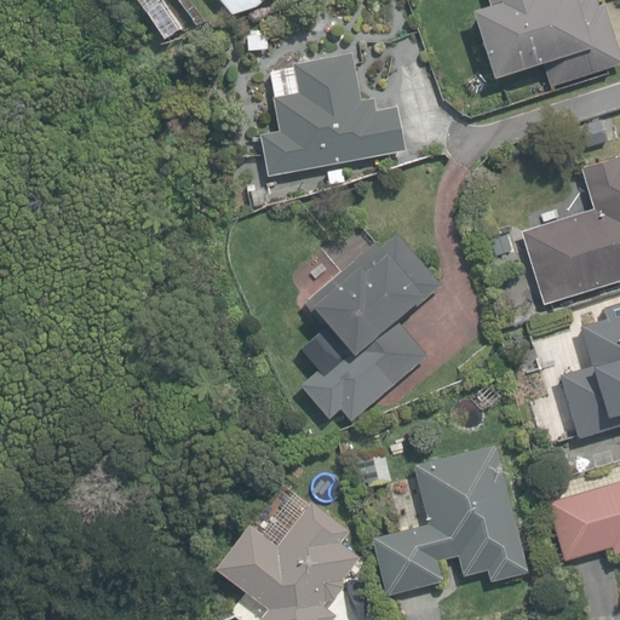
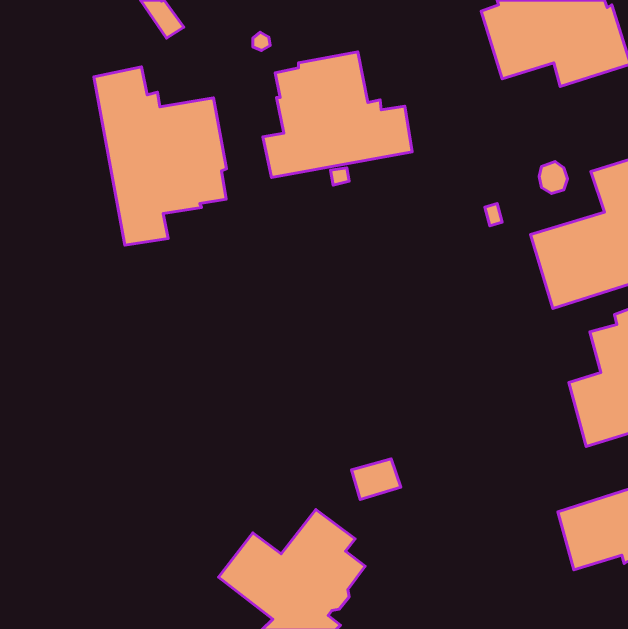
building: none -> [94,67,226,245]
building: [303,234,441,420] -> none
building: [363,442,526,593] -> none

